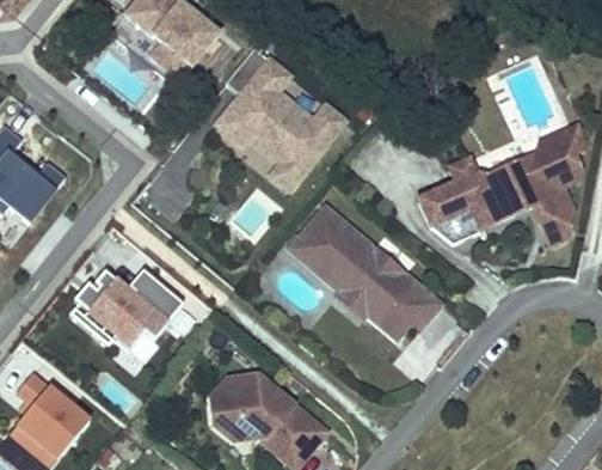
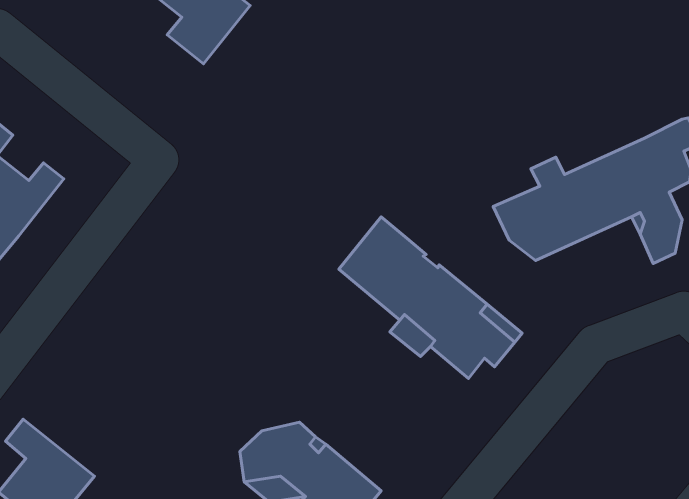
building: [216,44,345,188] -> none
building: [69,270,184,347] -> none

